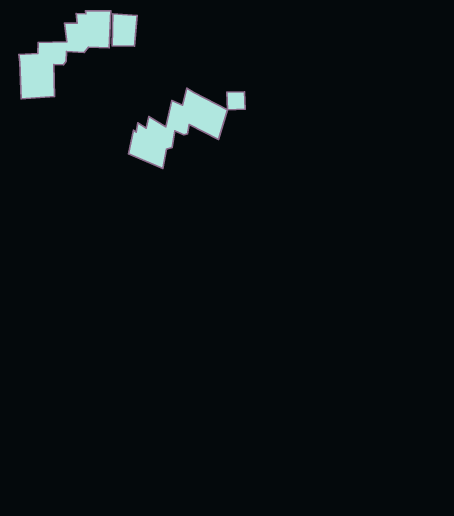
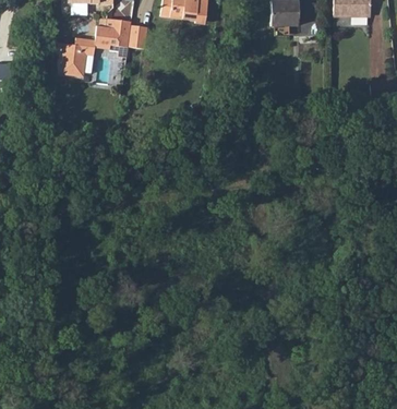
building: [128,88,228,169] -> none

